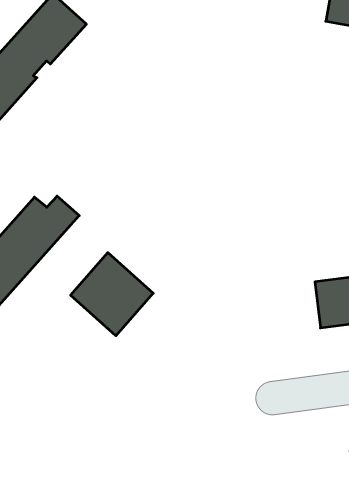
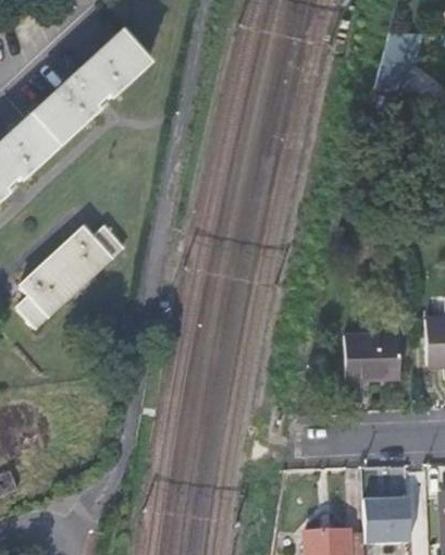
building: [71,253,153,336] -> none

